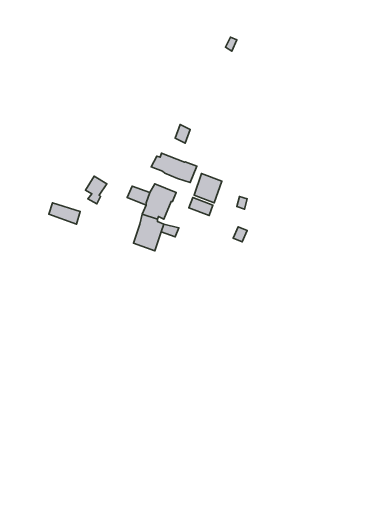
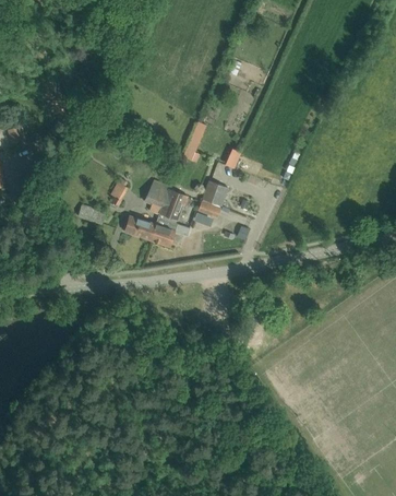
building: [151,153,197,183] -> none
building: none -> [124,214,156,239]

